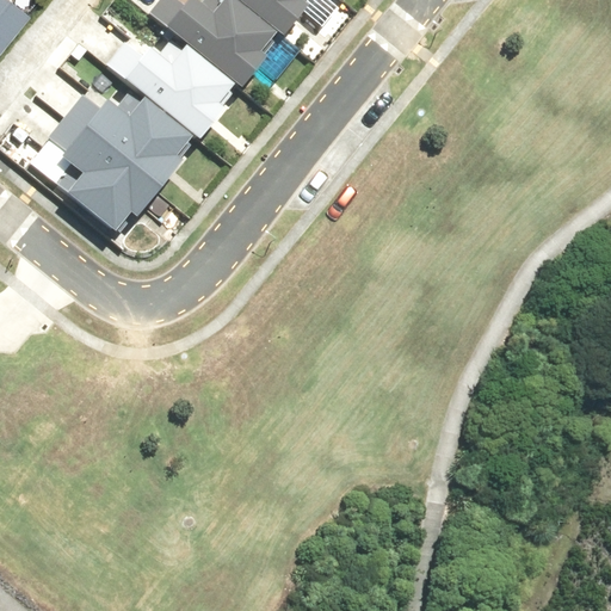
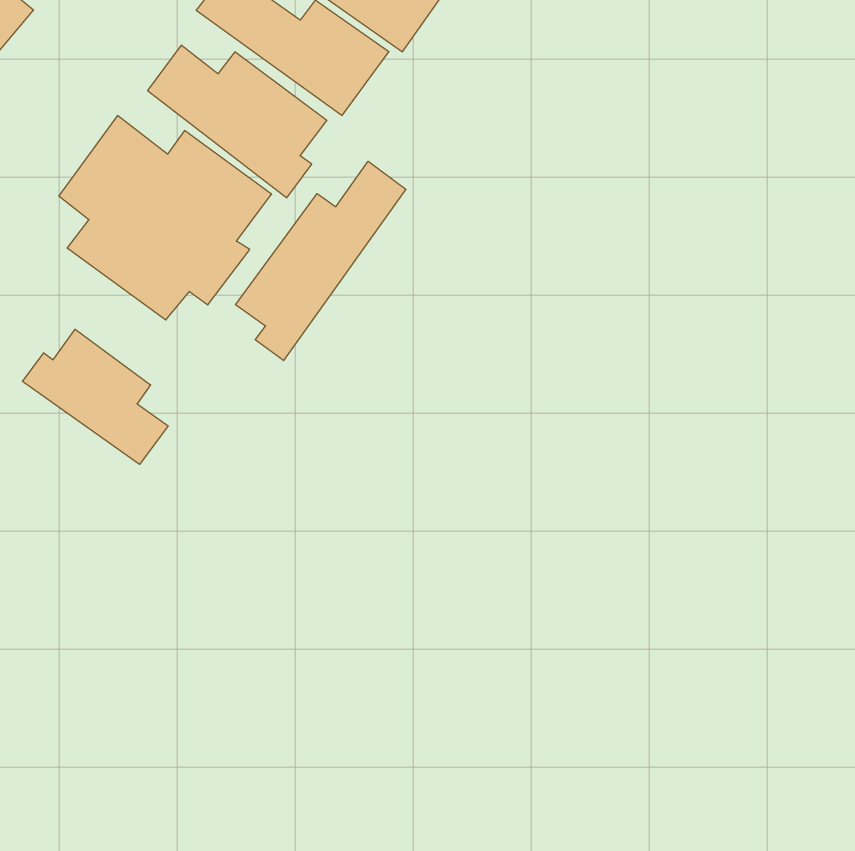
building: none -> [236,161,406,361]
building: none -> [23,329,168,464]

